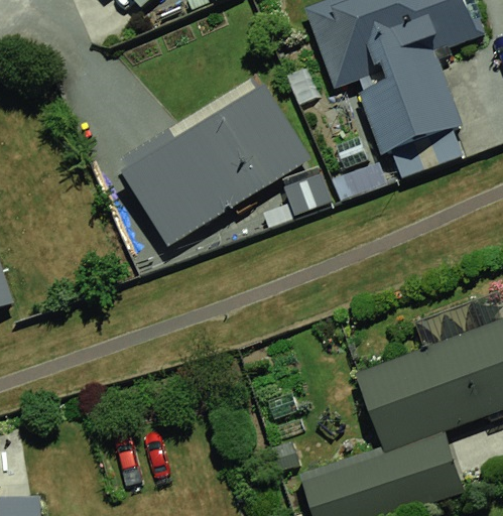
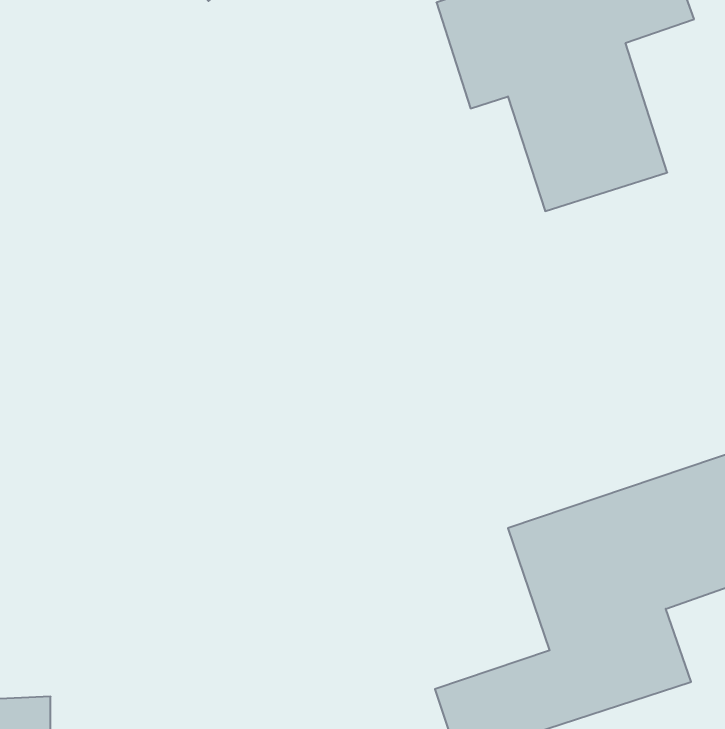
building: [125,80,313,242] -> none

